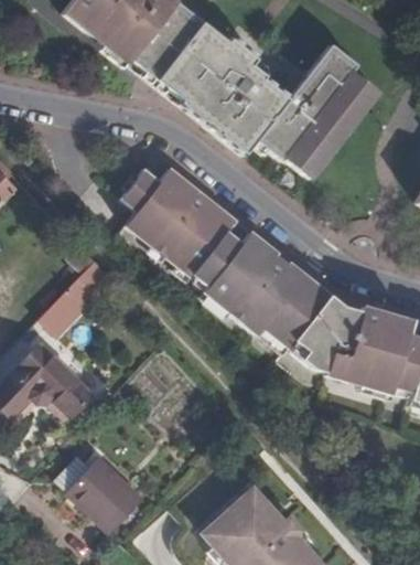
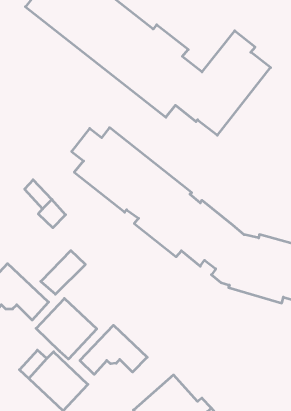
building: [41,279,98,335] -> [41,251,85,294]
building: none -> [36,298,97,359]
building: none -> [80,325,147,374]

